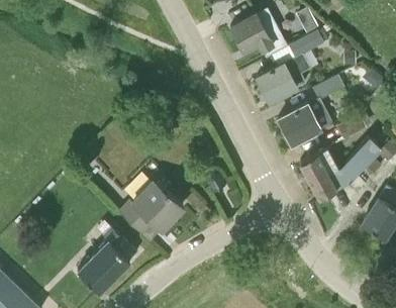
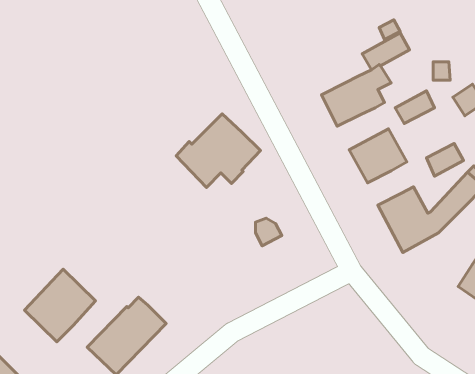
building: [230,14,274,53] -> none
building: [118,179,183,235] -> [176,114,260,187]
building: none -> [24,269,95,342]

